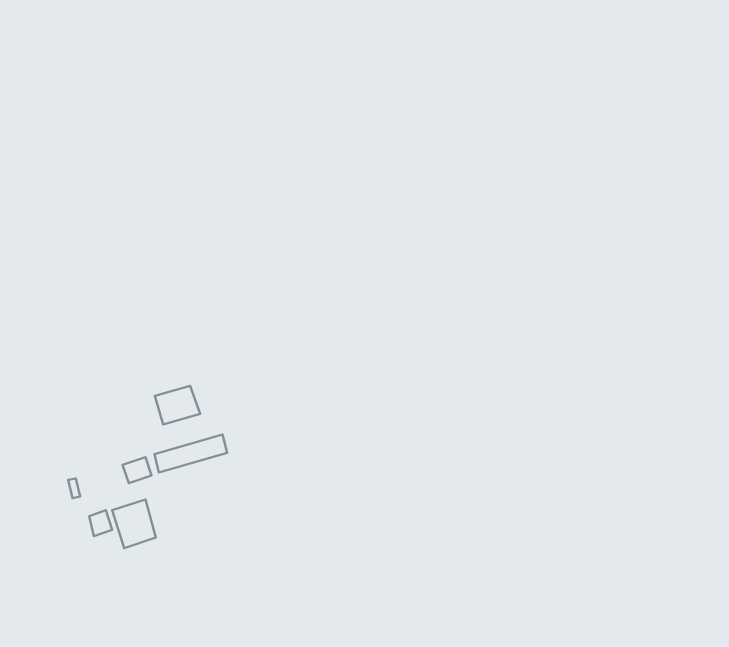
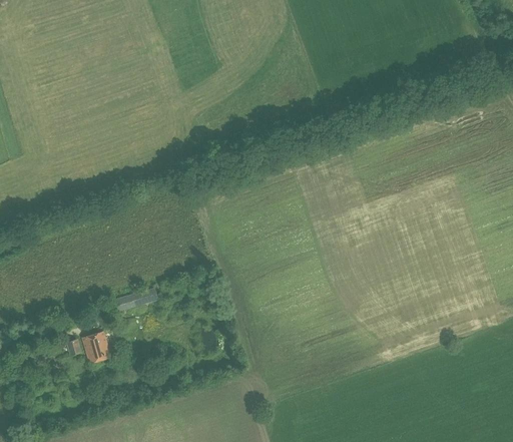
building: [155,386,200,425] -> none

